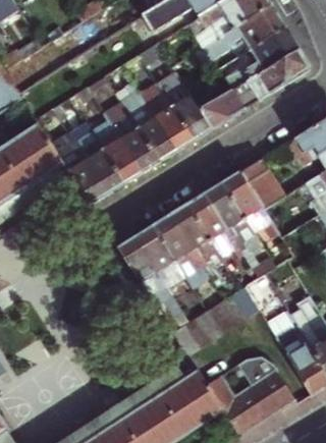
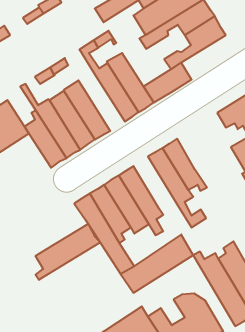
building: [247,46,312,99] -> none
building: [130,91,179,160] -> none
building: [241,156,284,206] -> none
building: [189,190,242,253] -> none
building: none -> [36,224,100,280]

